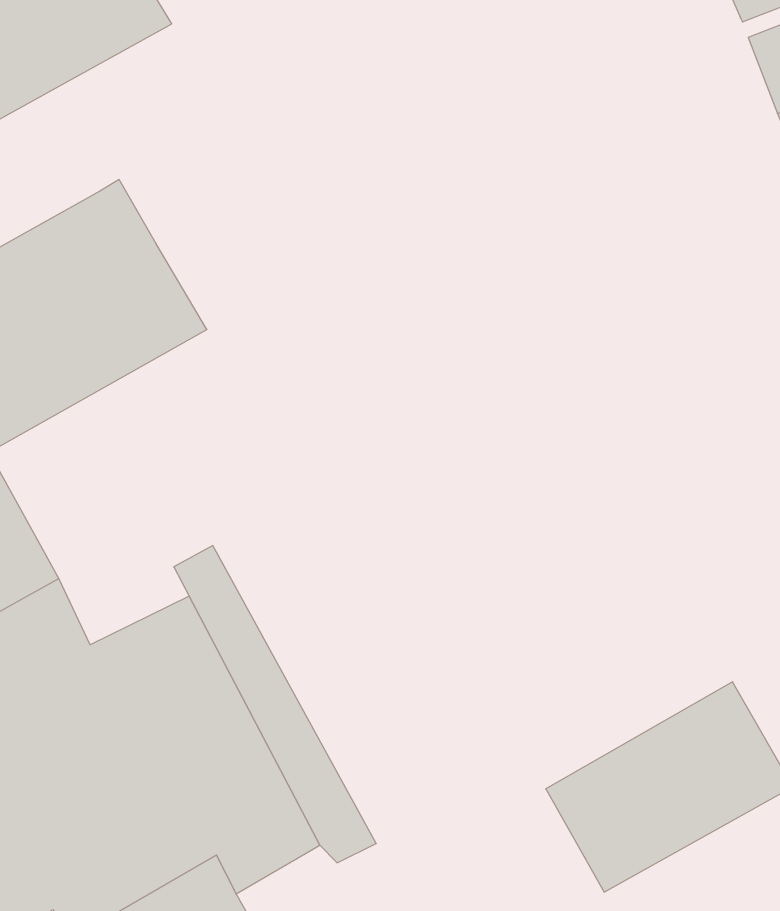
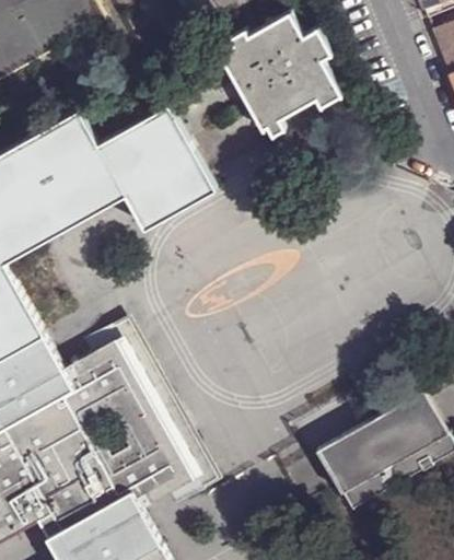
building: none -> [219,14,340,136]
building: none -> [97,106,214,229]

